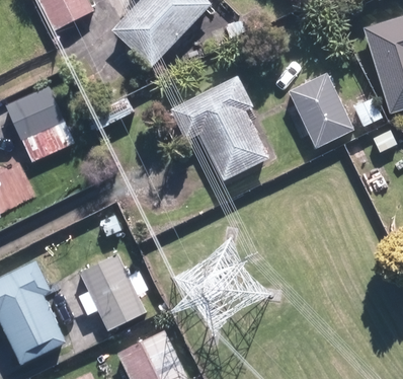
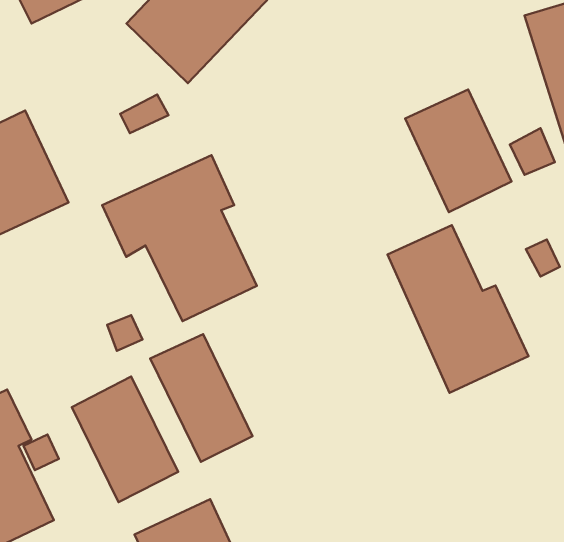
building: [170,77,267,181] -> [102,155,257,321]
building: none -> [388,225,528,393]
building: none -> [150,334,253,462]

